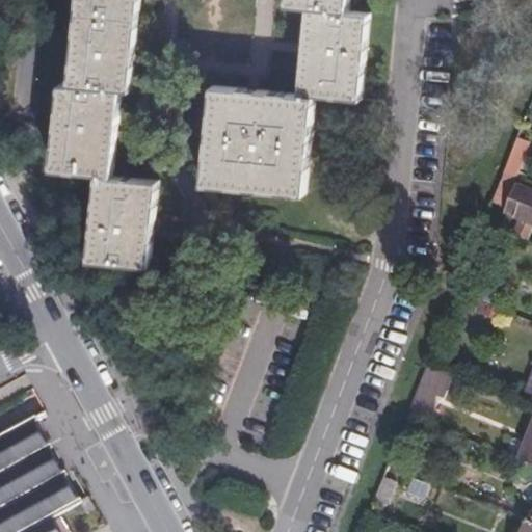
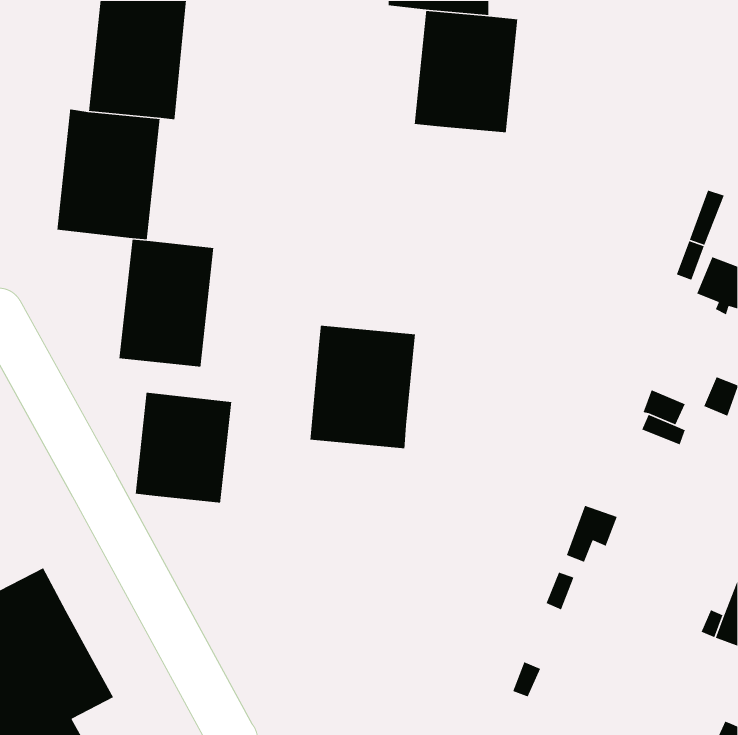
building: [196,83,316,202] -> none
building: none -> [310,325,416,449]
building: none -> [135,392,232,504]

